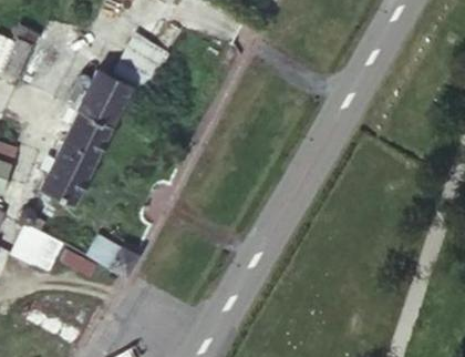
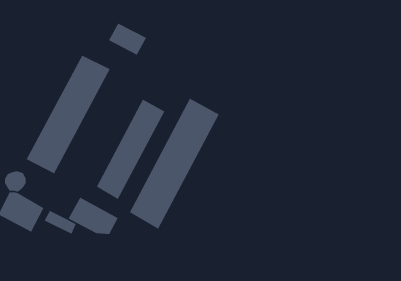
building: none -> [129,98,220,230]
building: none -> [96,99,166,200]

